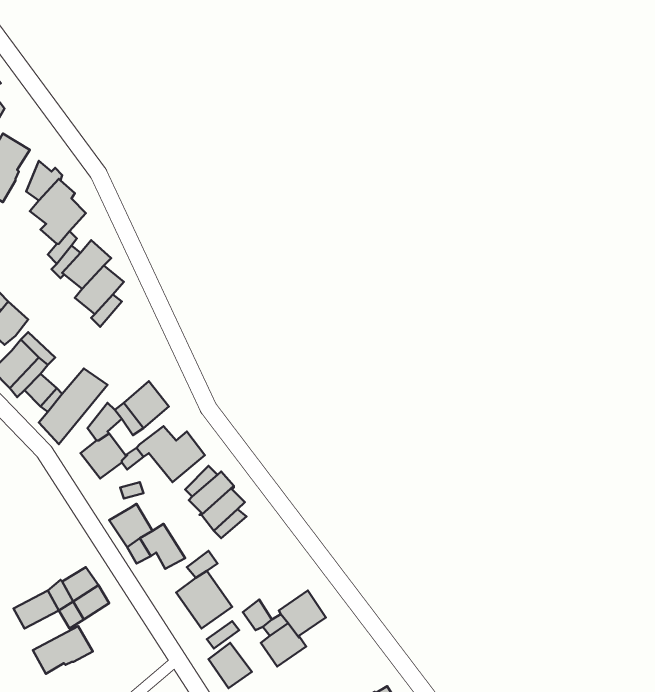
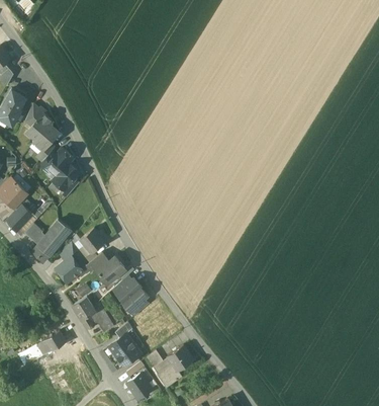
building: [33,626,93,674] -> none

